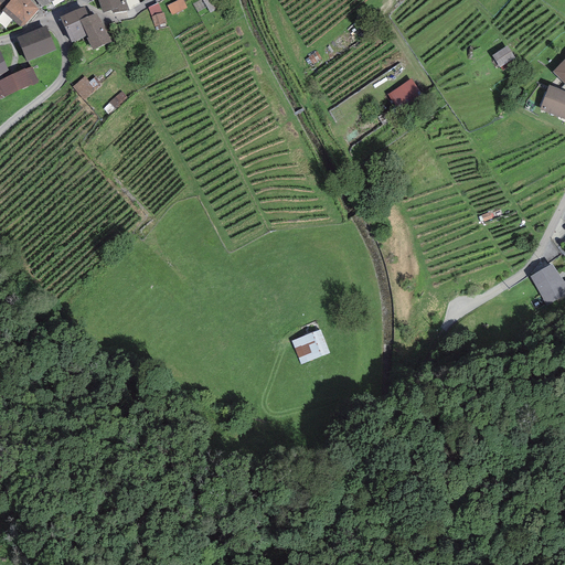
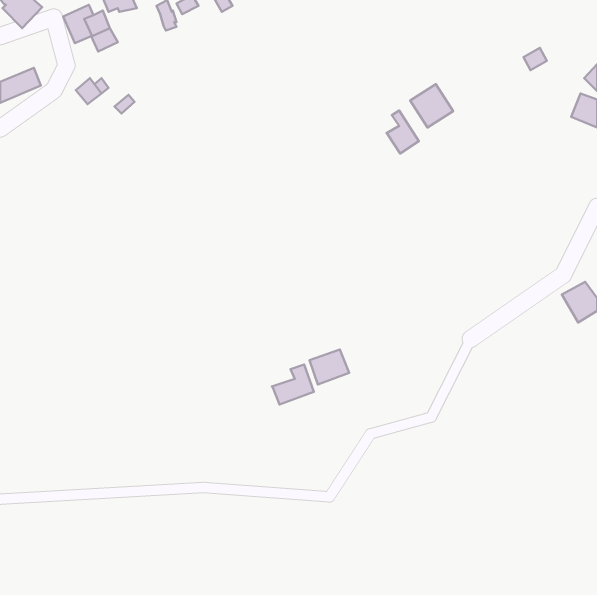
building: [17,23,56,60] -> none
building: none -> [386,110,419,154]
building: none -> [272,364,314,405]

